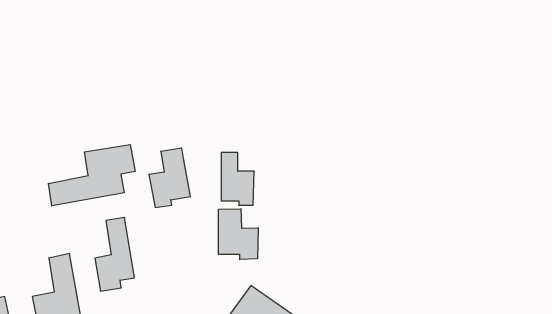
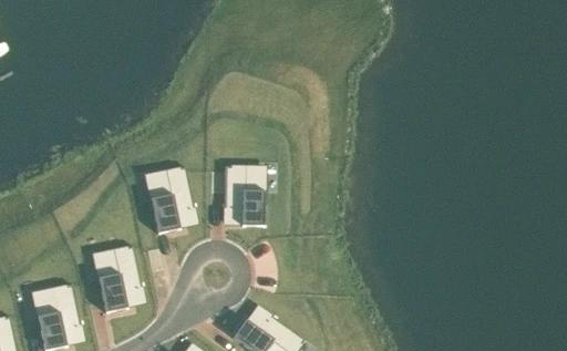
building: [48,145,135,206] -> none
building: [219,209,258,260] -> none

